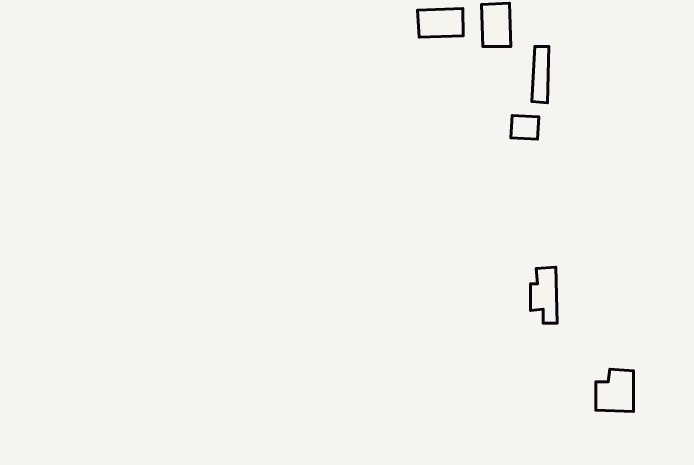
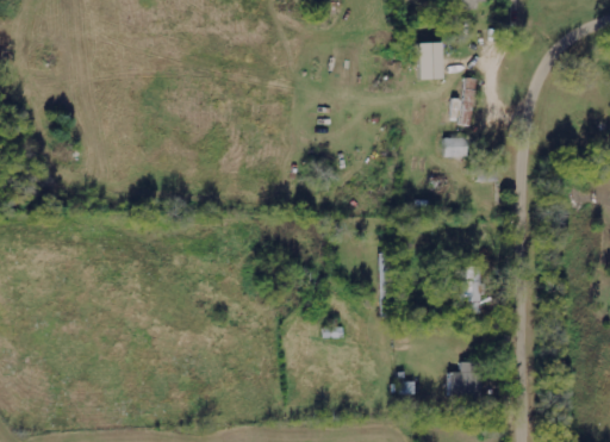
building: [417,9,463,37] -> none
building: [596,369,634,411] -> [448,362,480,398]

